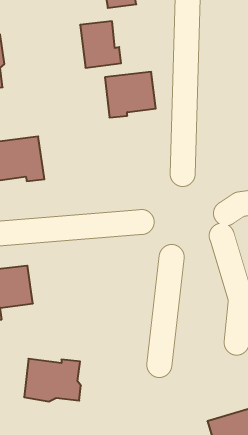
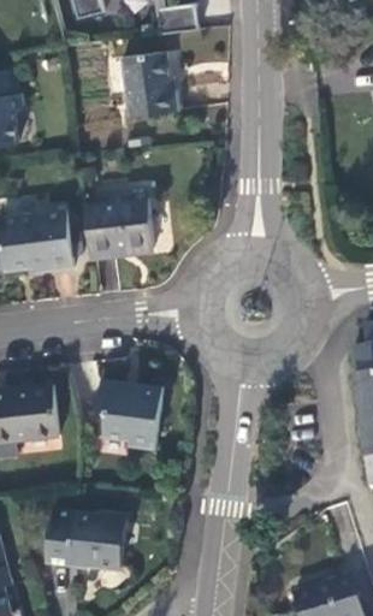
building: [105,72,156,117] -> [85,196,154,257]
building: none -> [99,378,162,446]

